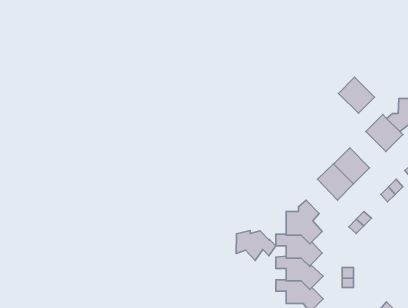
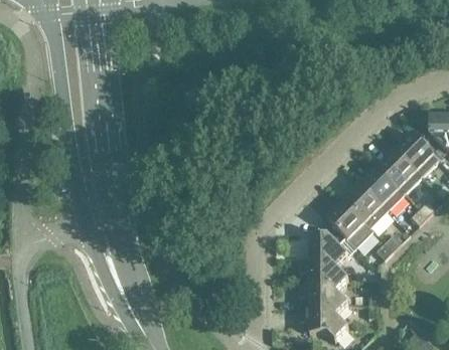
building: [338,77,374,113] -> [382,151,420,189]
building: none -> [330,201,378,248]
building: [236,231,276,260] -> none

